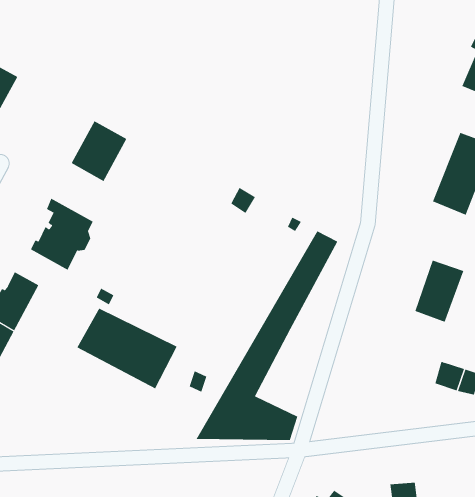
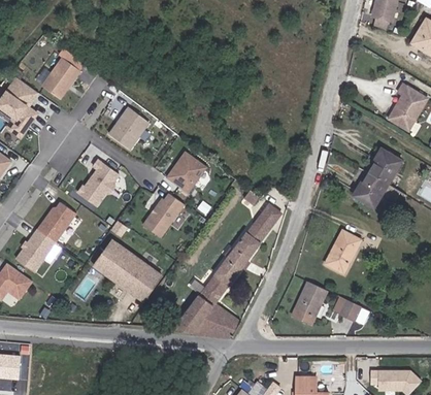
building: none -> [168,151,207,191]
building: none -> [144,192,186,236]
building: none -> [289,283,320,324]

